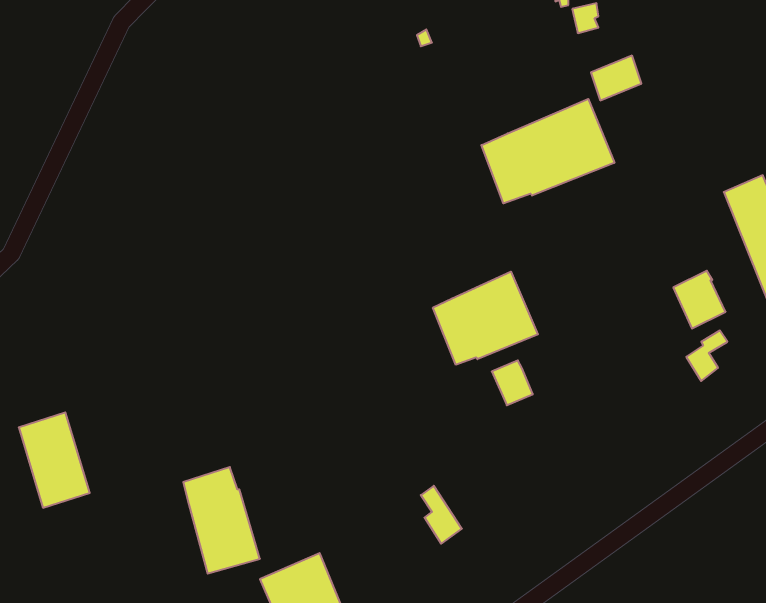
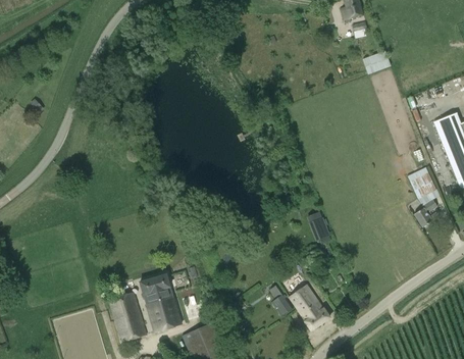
building: [481,99,614,203] -> none
building: [433,272,538,365] -> none
building: [19,412,90,508] -> [108,290,147,342]
building: none -> [288,284,328,329]

